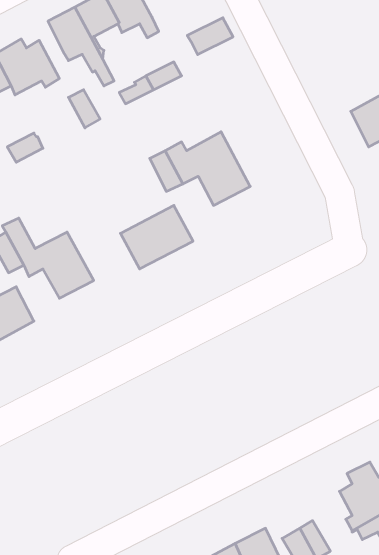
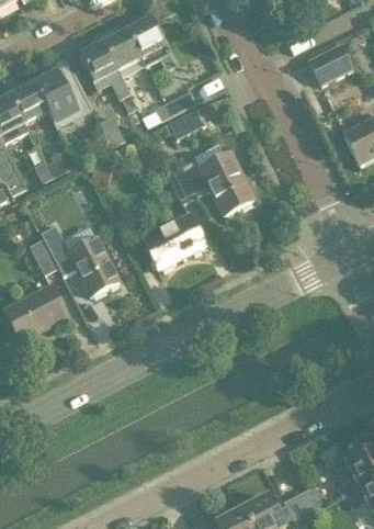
building: none -> [306,42,353,86]
building: [187,18,233,55] -> [167,106,206,138]

